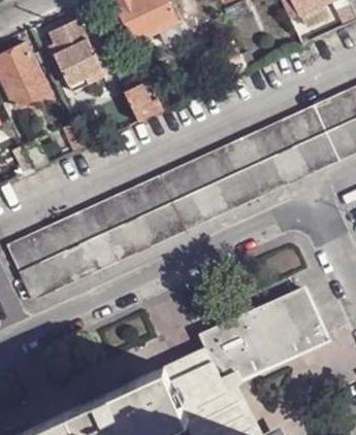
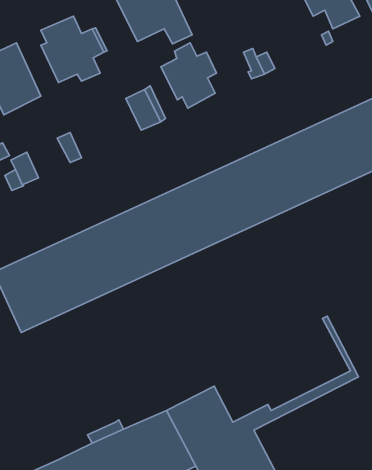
building: none -> [161,43,216,108]
building: [198,287,323,378] -> none

